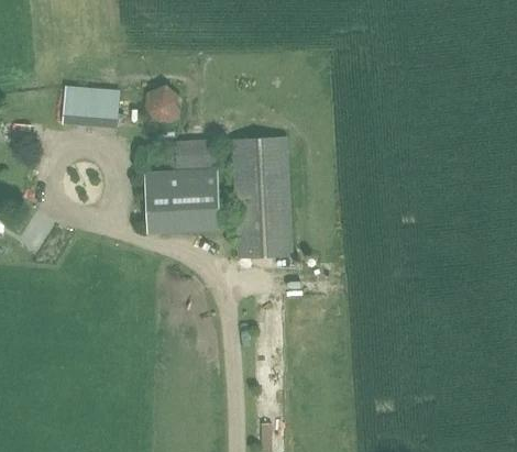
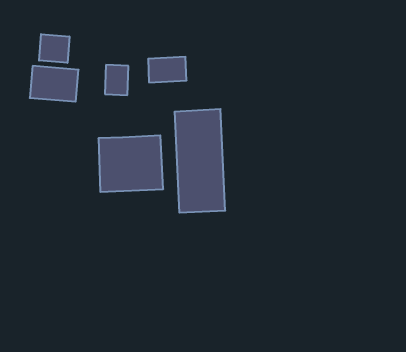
building: none -> [39,34,69,63]
building: [171,140,216,169] -> [148,57,187,82]

